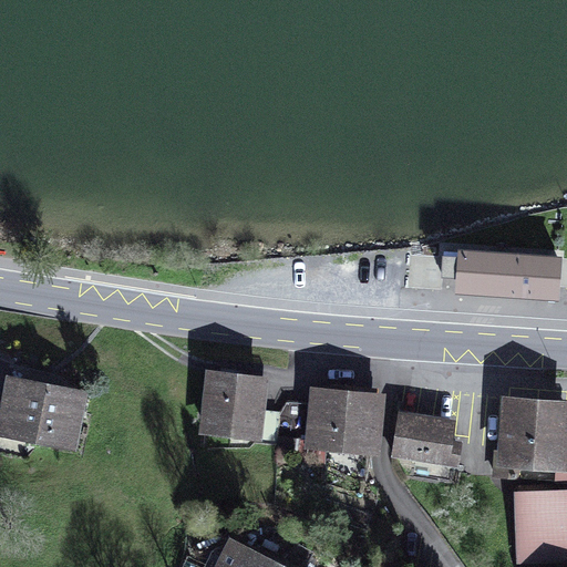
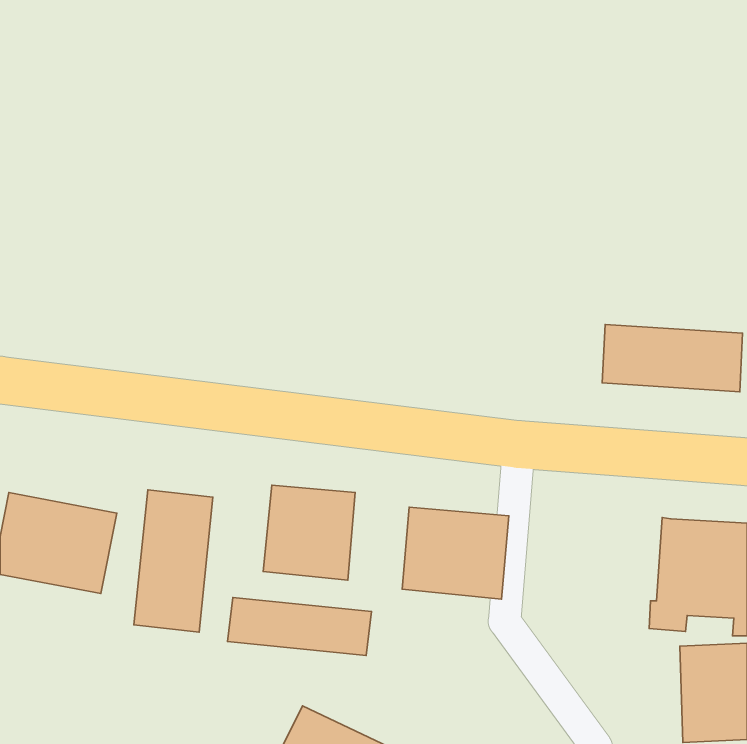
building: none -> [134,490,213,632]
building: [391,411,463,468] -> none
building: none -> [228,598,371,656]

